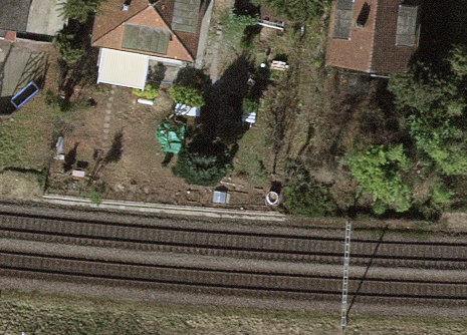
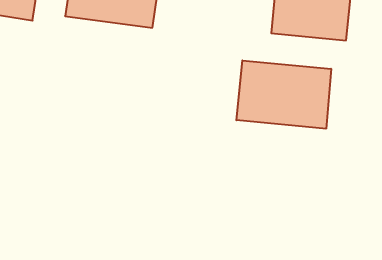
building: none -> [236,60,331,129]

